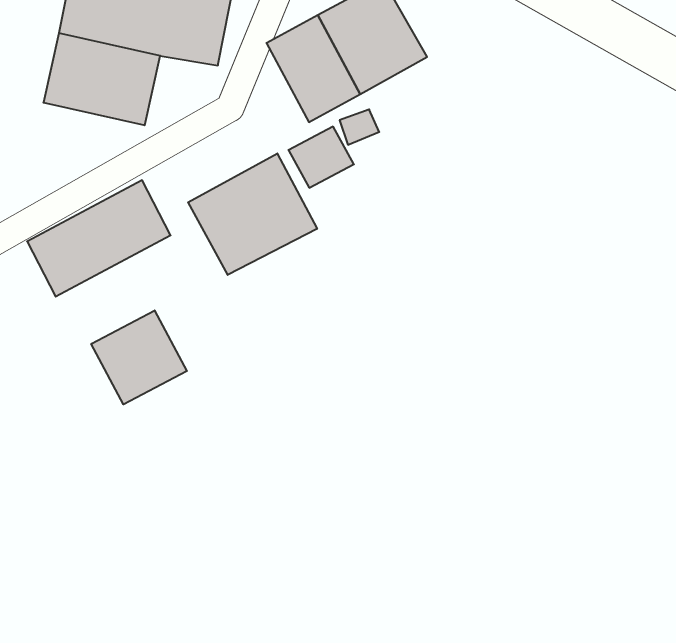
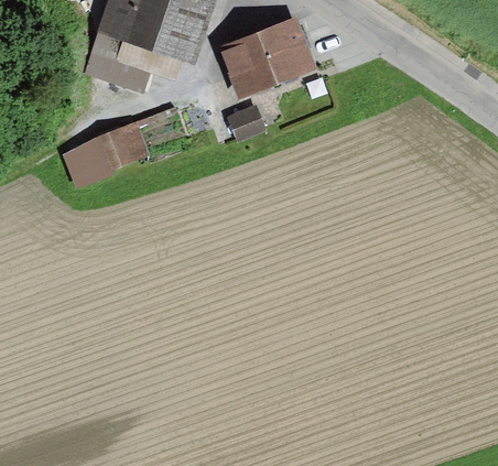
building: [188,153,317,275] -> none
building: [91,310,187,404] -> none

